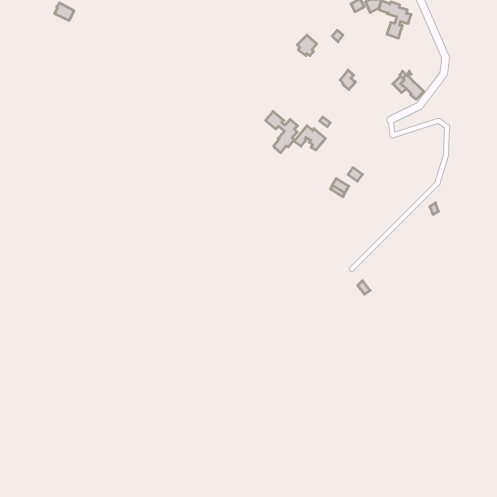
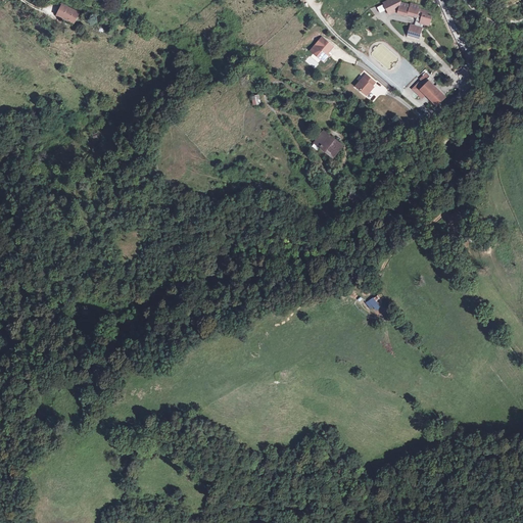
building: [266,111,298,153] -> none

